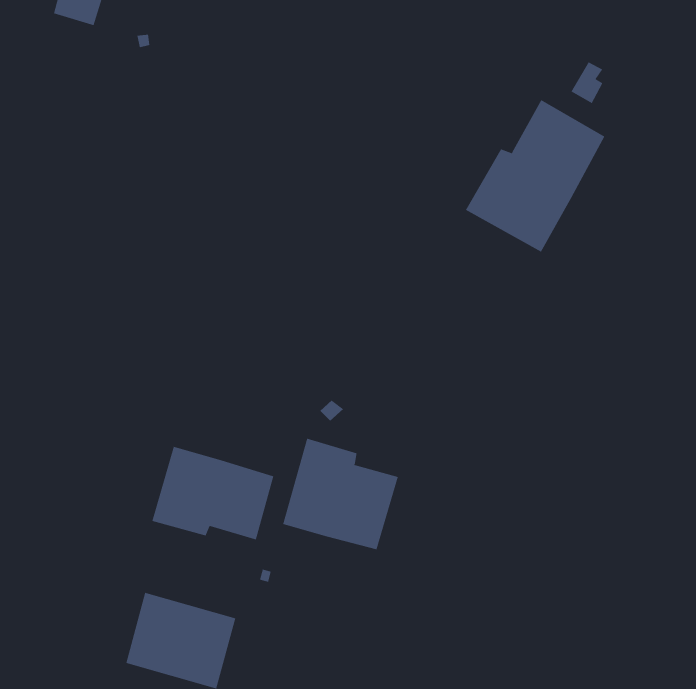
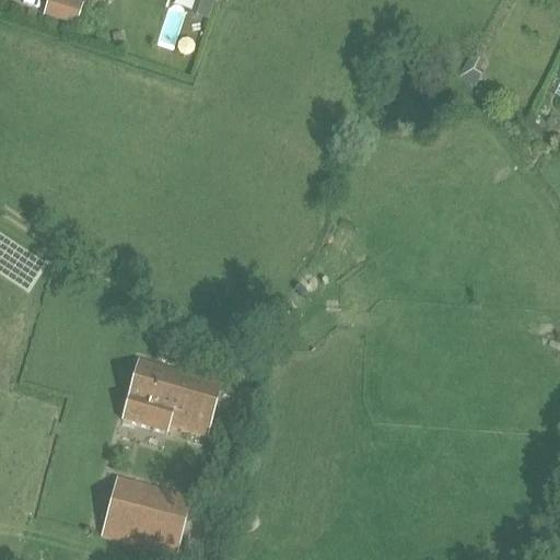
building: [465,99,605,252] -> none
building: [282,438,398,550] -> none

